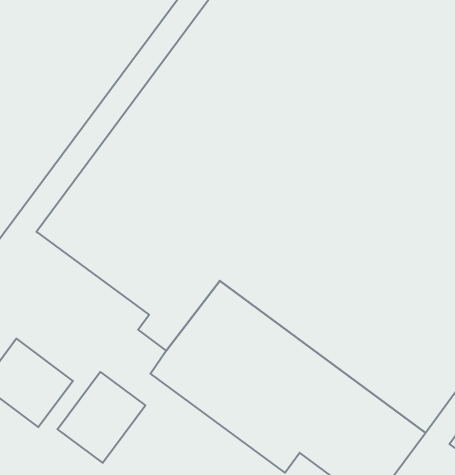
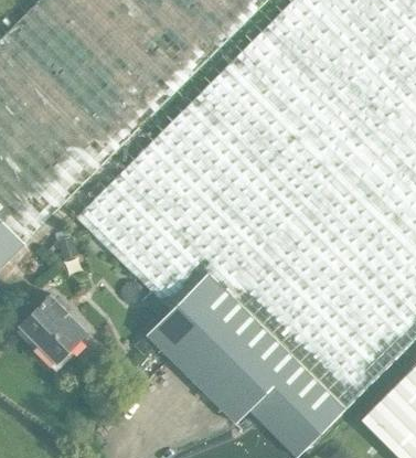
building: [57,372,145,463] -> none

